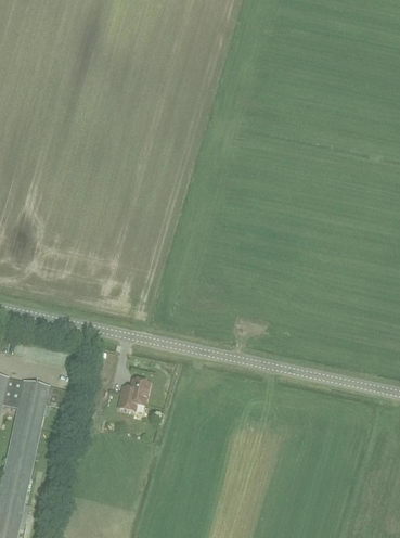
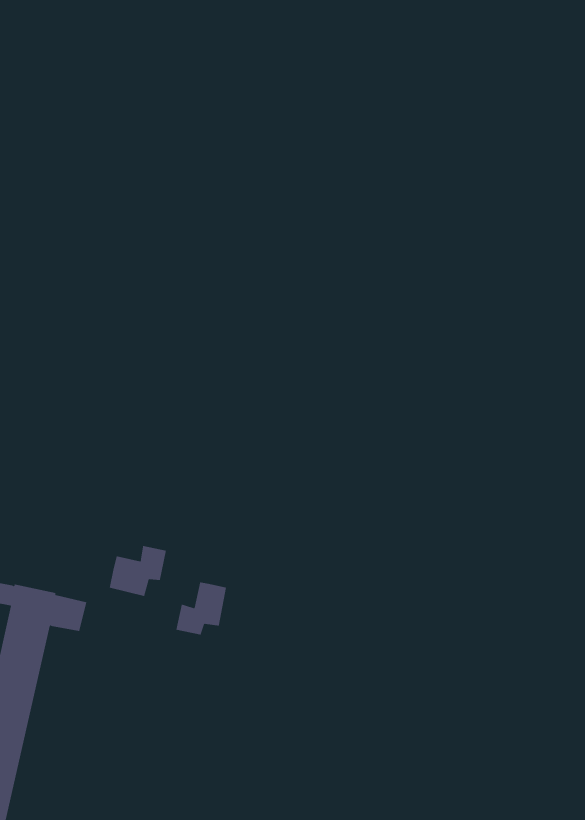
building: none -> [109,545,167,597]

